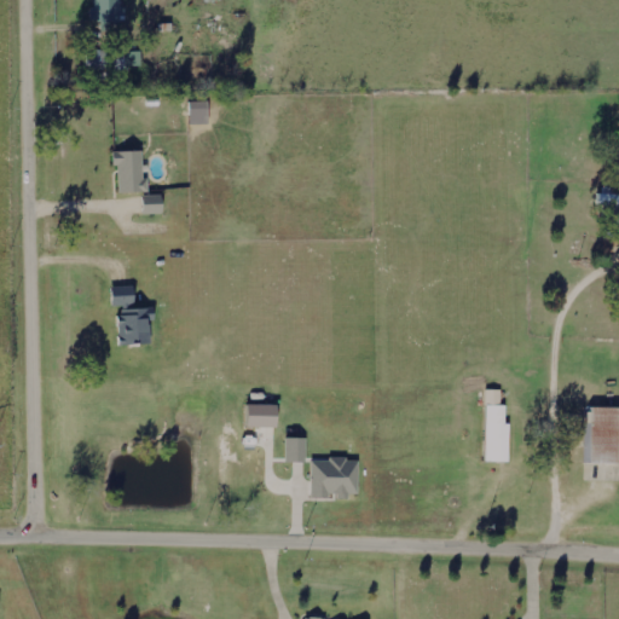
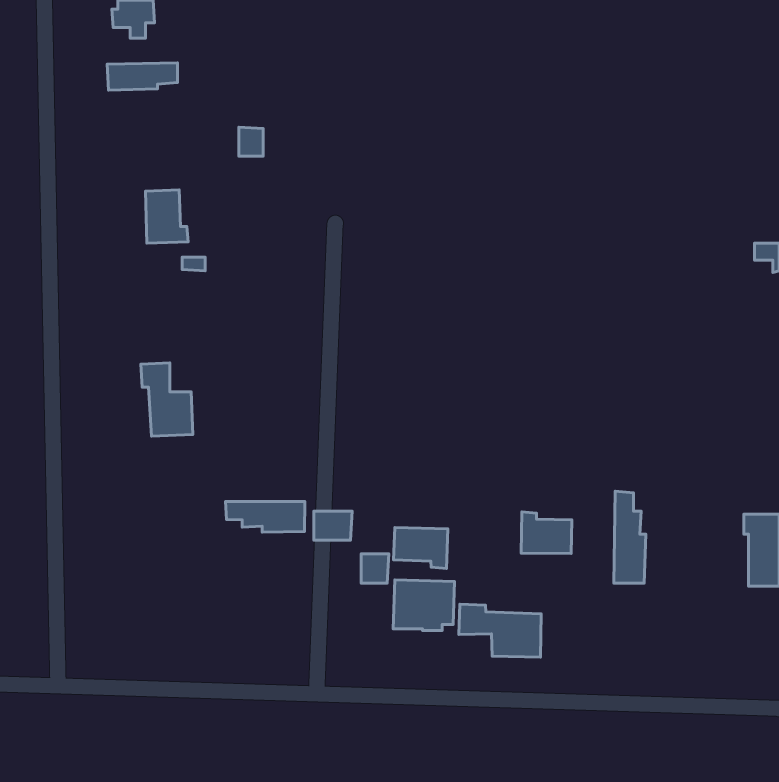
building: none -> [225,501,305,532]
building: none -> [521,512,572,553]
building: none -> [393,528,448,569]
building: none -> [459,604,541,657]

